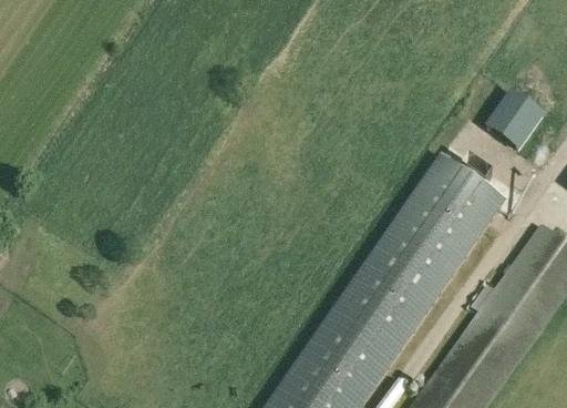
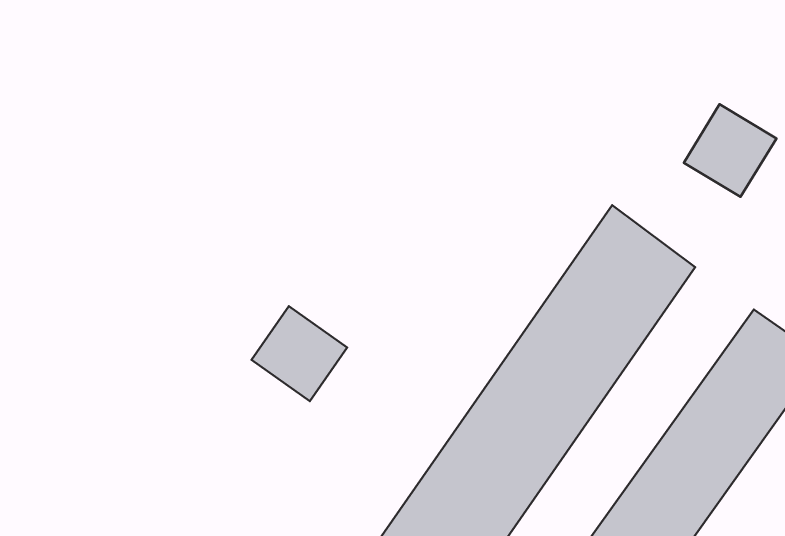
building: none -> [251,306,347,401]

